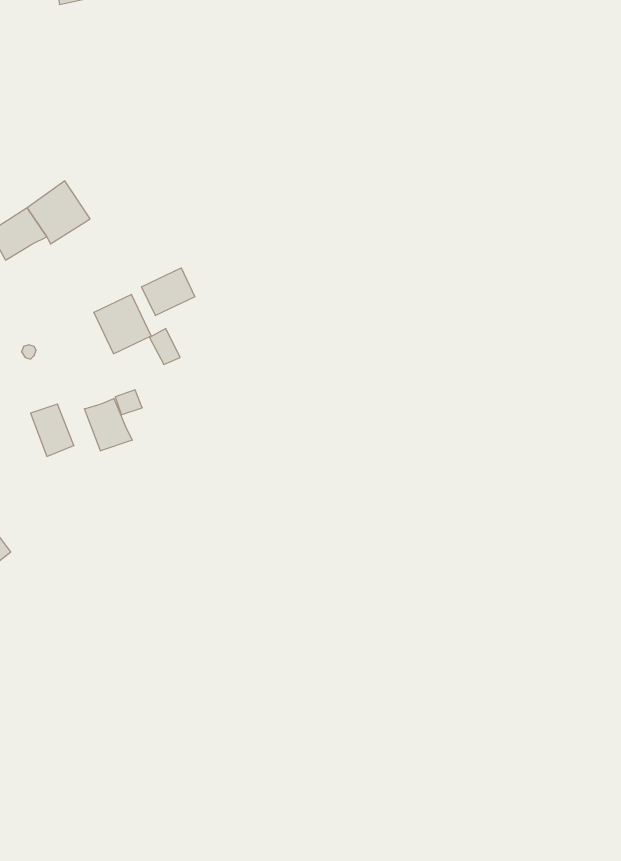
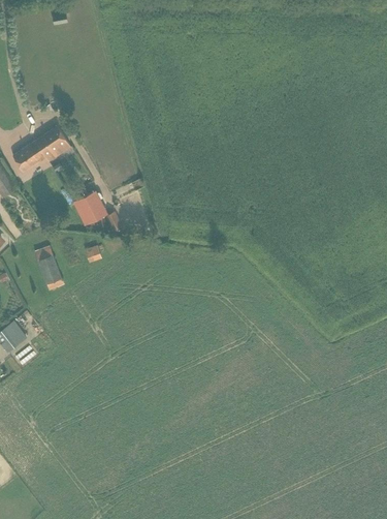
building: [142,268,195,316] -> none
building: [84,398,132,451] -> none

